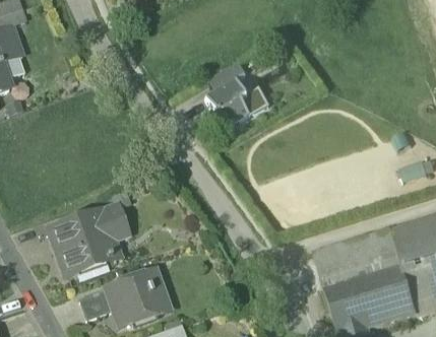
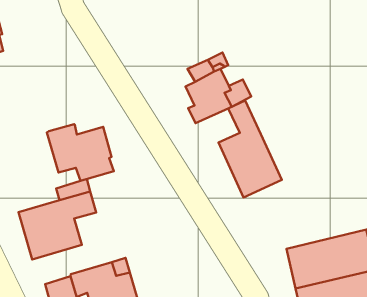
building: none -> [219,101,282,198]
building: none -> [47,124,114,181]

